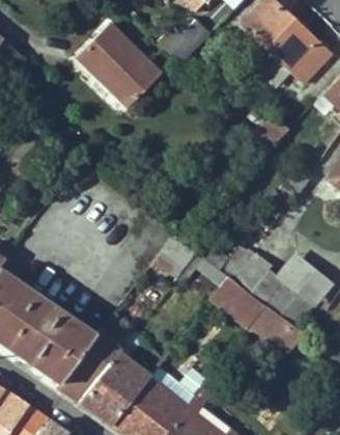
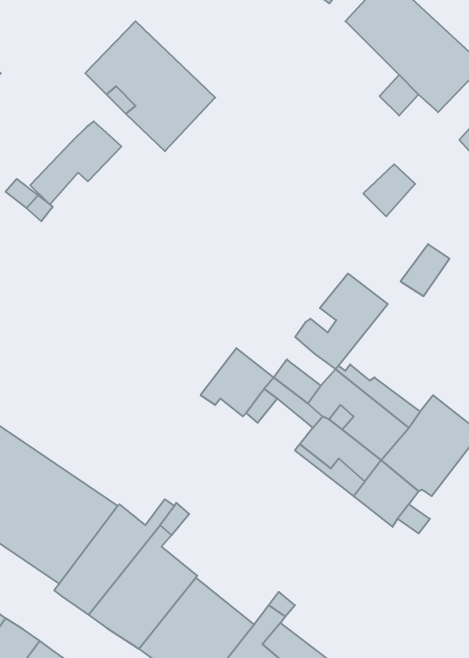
building: [158,21,210,64] -> none
building: none -> [30,121,121,205]
building: none -> [295,274,388,369]

